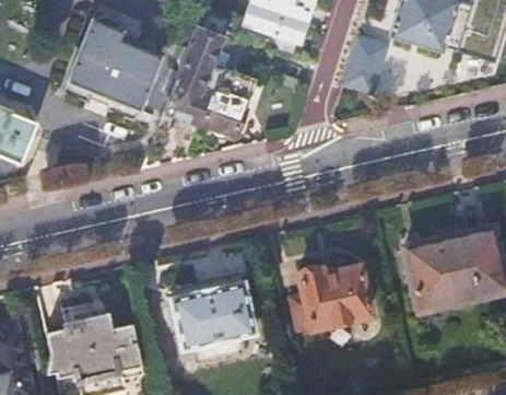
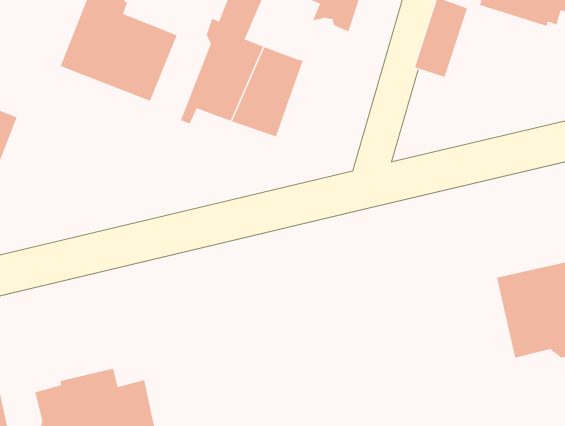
building: [292,267,370,328] -> none
building: [169,274,258,351] -> none

